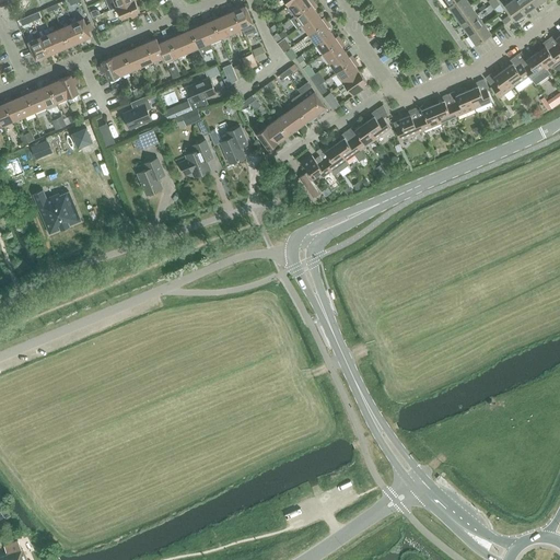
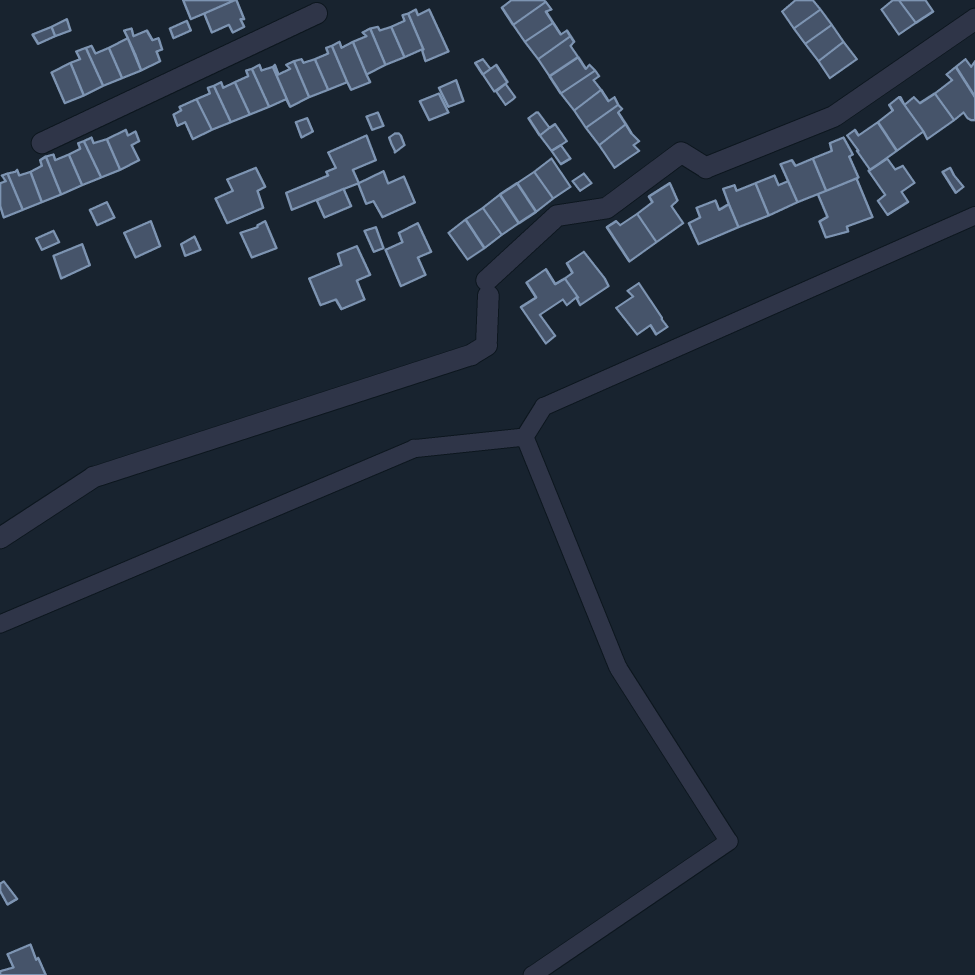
building: none -> [869,158,914,215]
building: none -> [358,171,415,217]
building: none -> [818,178,872,238]
building: [335,130,364,160] -> [616,283,668,335]
building: [139,160,164,195] -> none
building: [33,190,81,234] -> none

